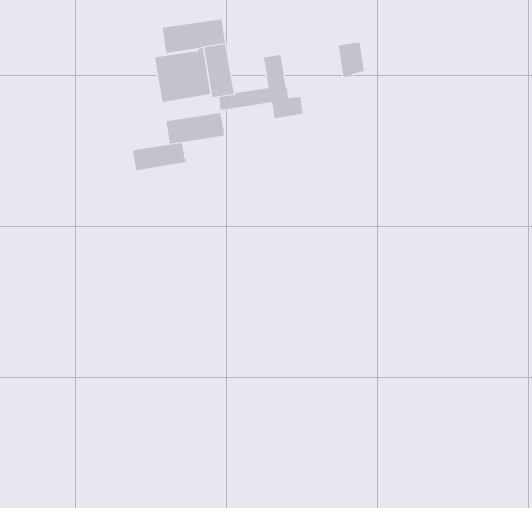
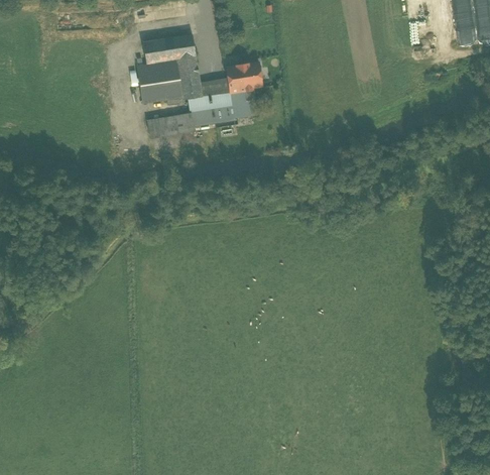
building: [338,42,365,77] -> [241,62,263,91]
building: none -> [200,76,230,96]
building: [132,142,186,171] -> [192,104,236,127]

